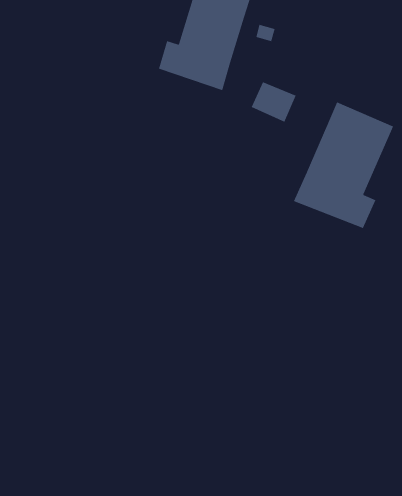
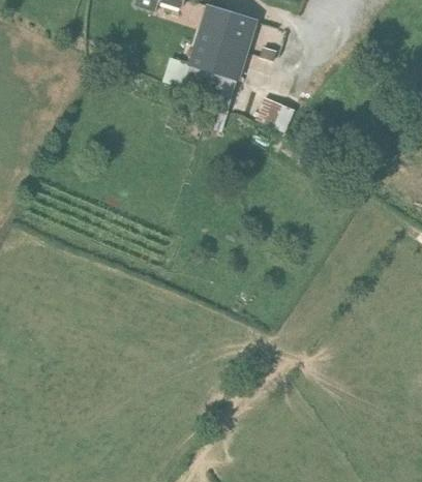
building: [293,101,394,229] -> none

